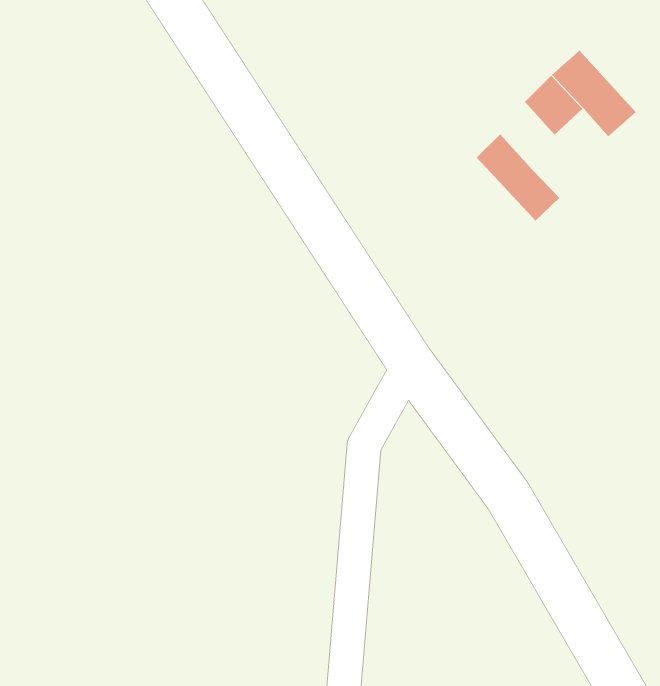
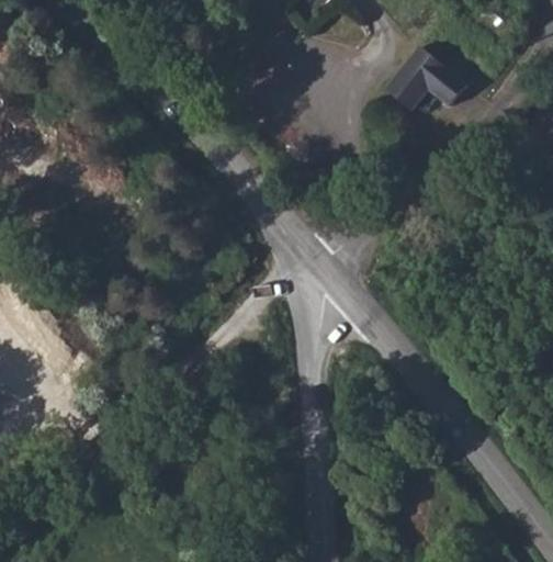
building: [476,134,560,222] -> none

